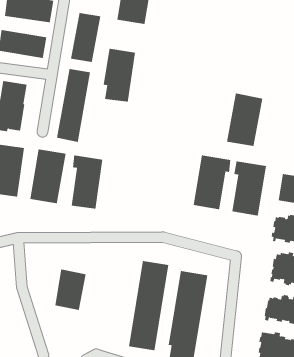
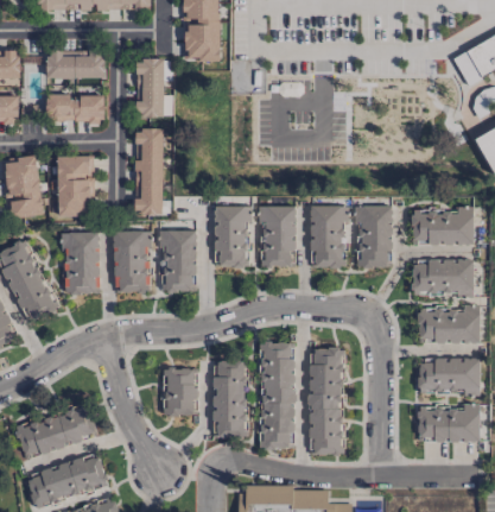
building: [103,48,136,102] -> [215,206,249,267]
building: [226,93,263,147] -> [260,206,296,266]
building: none -> [212,360,247,437]

